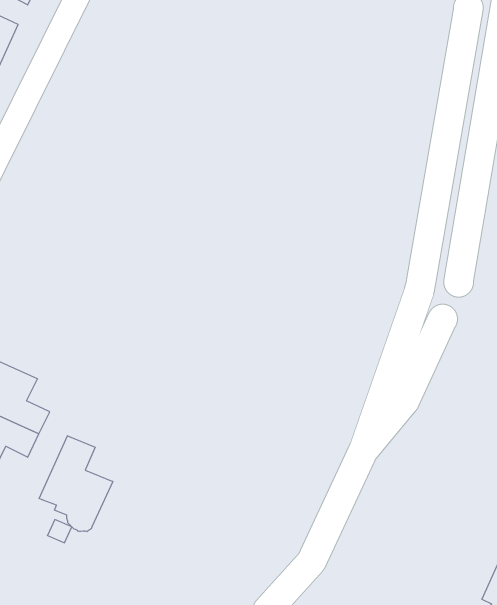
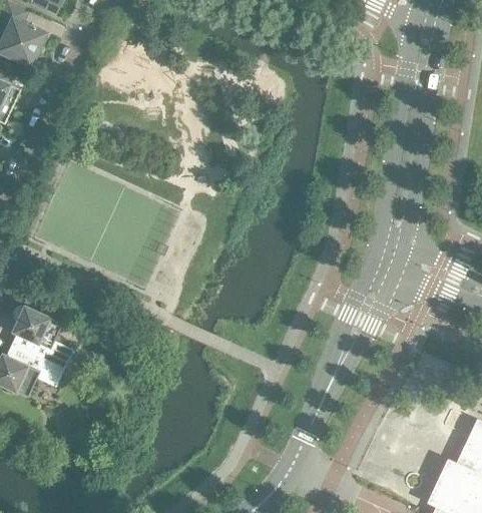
building: [39,436,113,532] -> none

